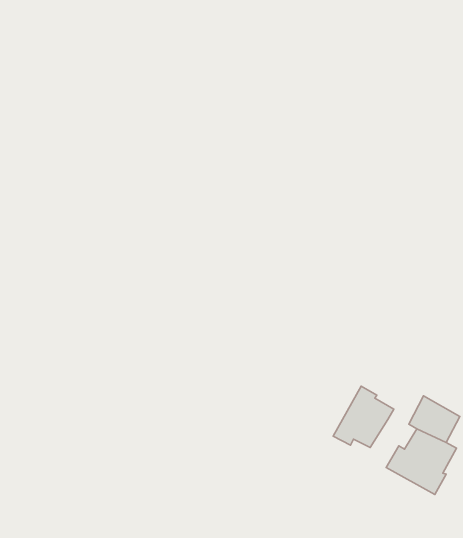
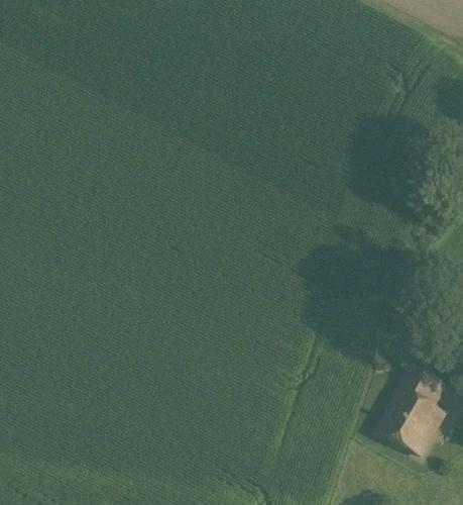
building: [333,386,394,447] -> none

